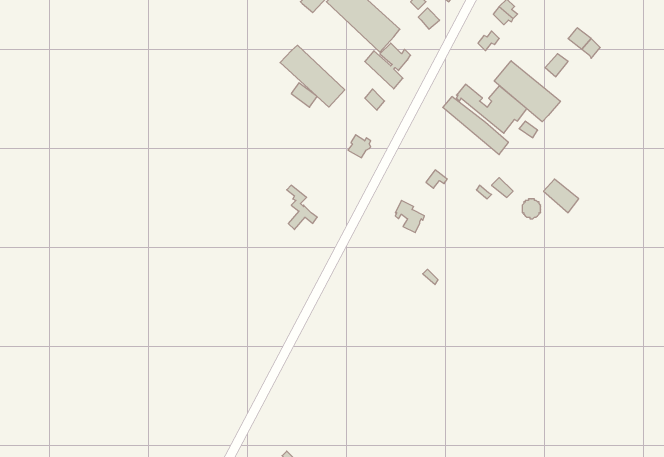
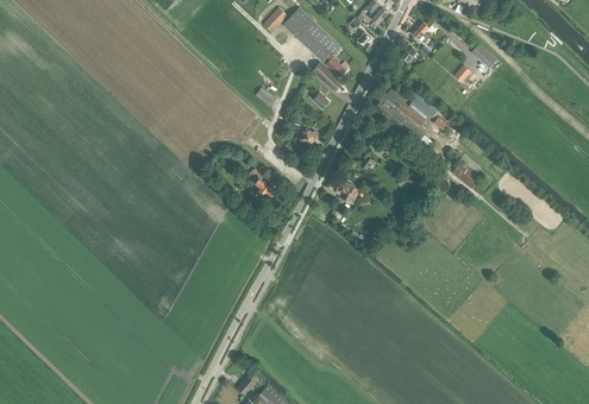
building: [280,45,345,107] -> none
building: [494,61,560,122] -> none

